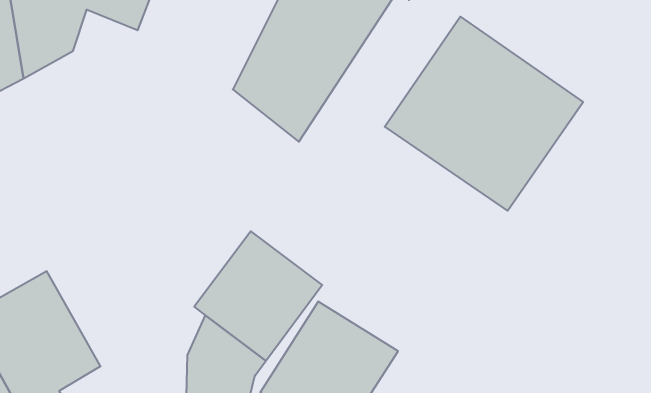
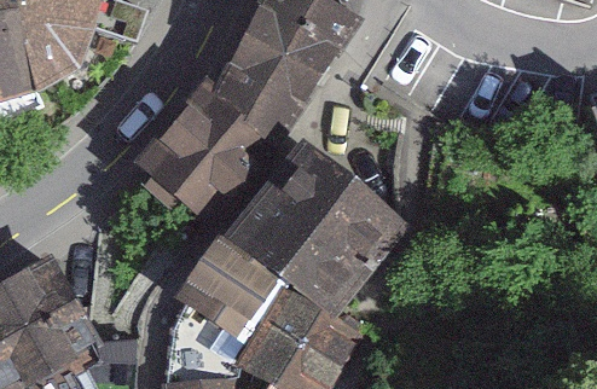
building: [385,17,583,211] -> [239,137,413,307]
building: none -> [138,92,266,220]

